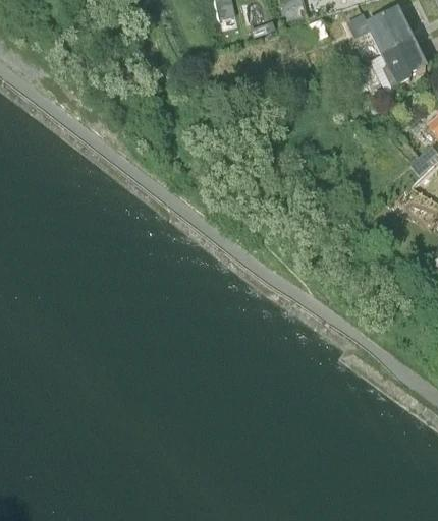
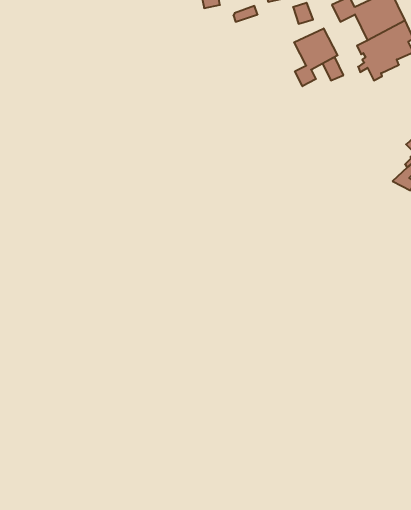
building: none -> [294,28,338,86]

